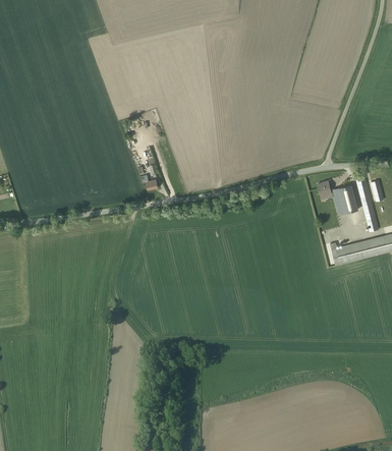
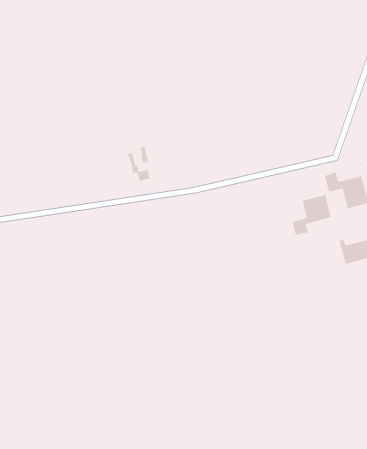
building: none -> [292,194,332,236]

